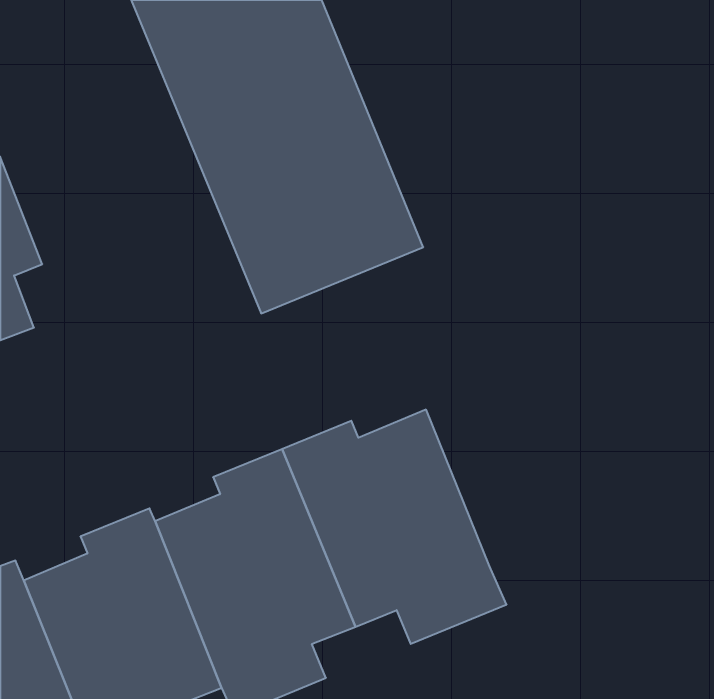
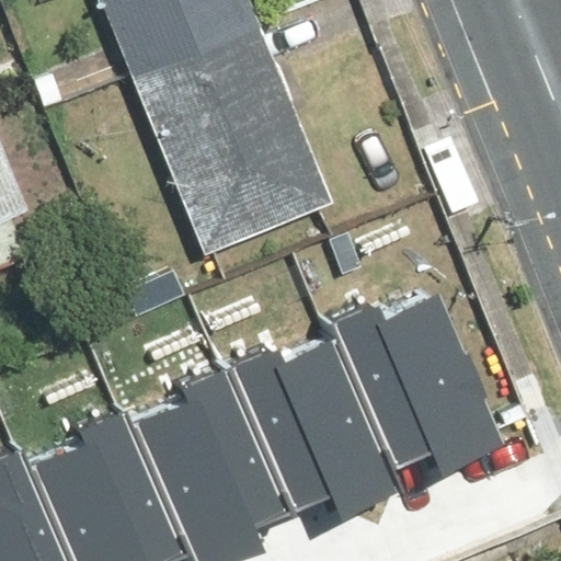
building: none -> [329,289,502,470]

